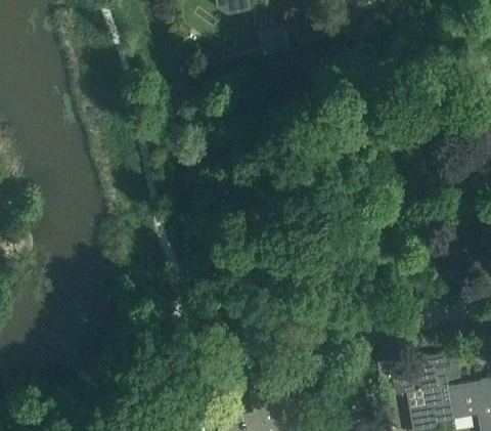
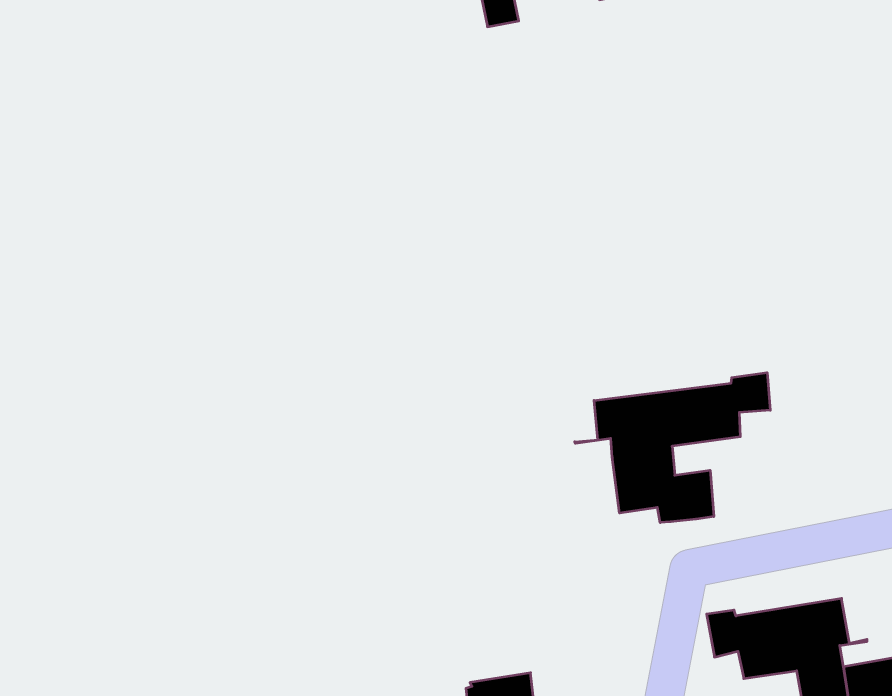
building: none -> [575,373,770,523]

